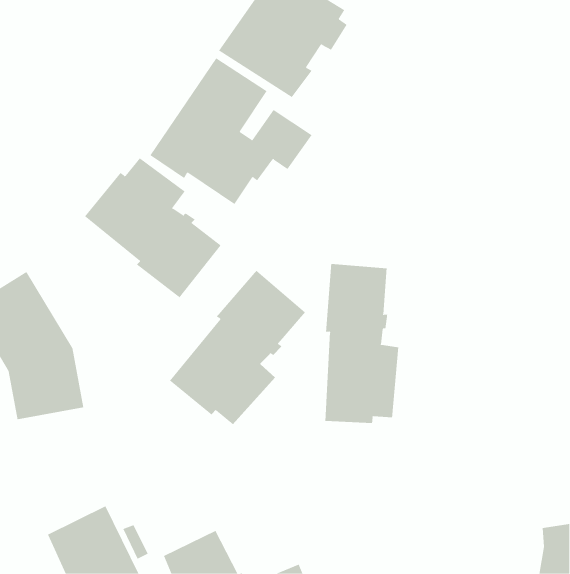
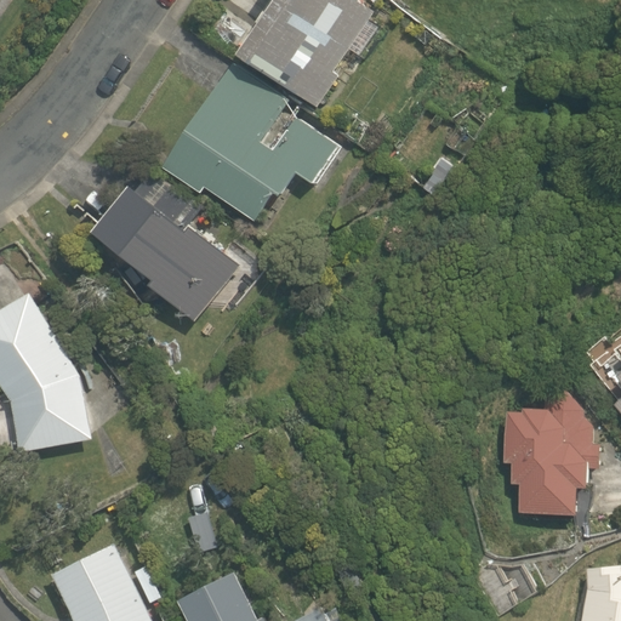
building: [325,263,399,424] -> none
building: [169,270,306,425] -> none
building: none -> [503,388,598,515]

